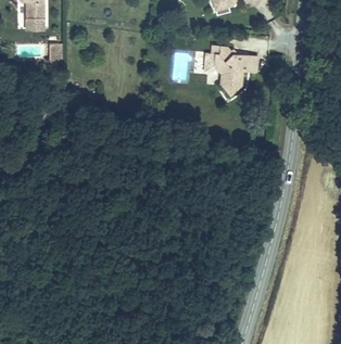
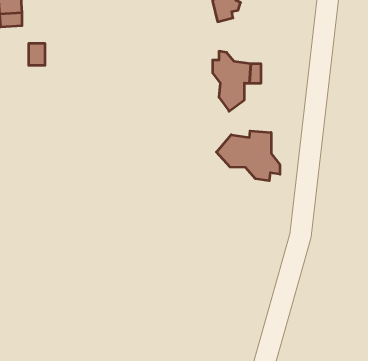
building: none -> [216,131,280,181]

